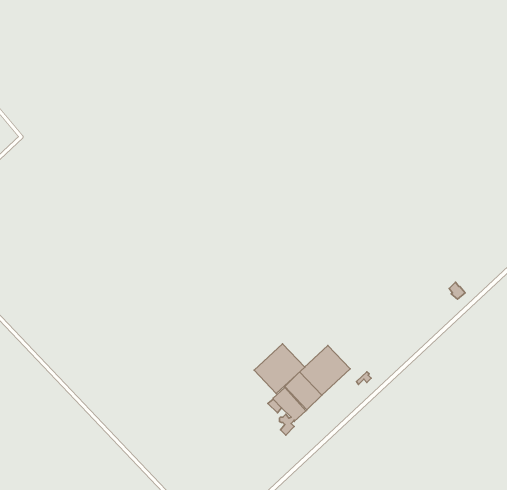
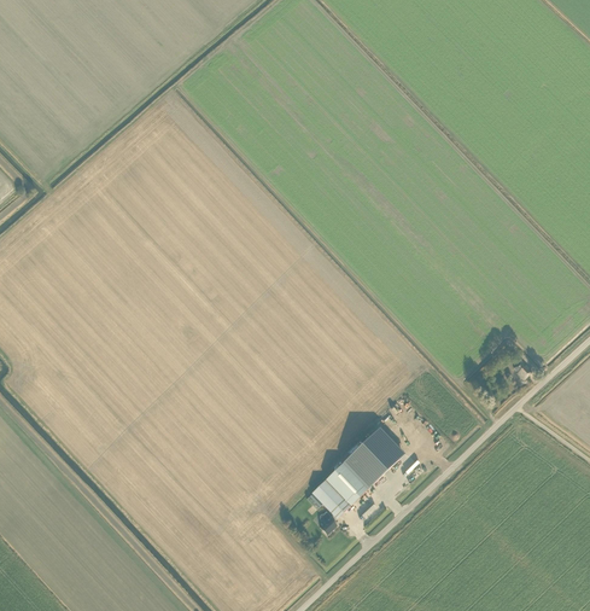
building: [254,344,305,394] -> none

